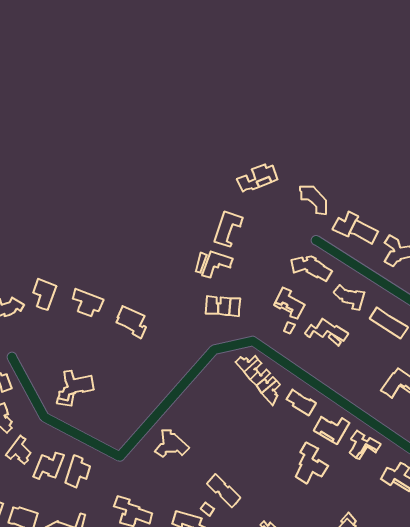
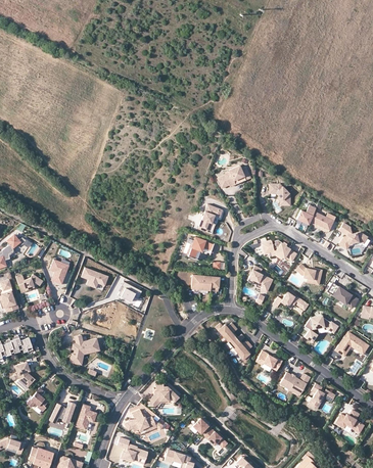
building: none -> [305,315,338,341]
building: [296,442,328,484] -> none
building: none -> [125,409,162,431]

